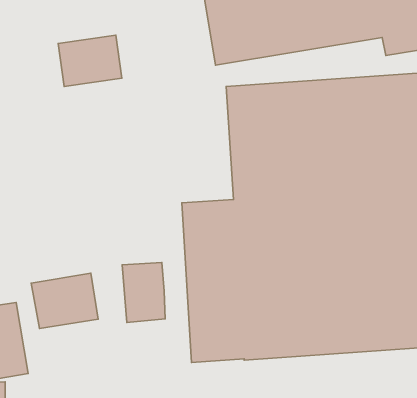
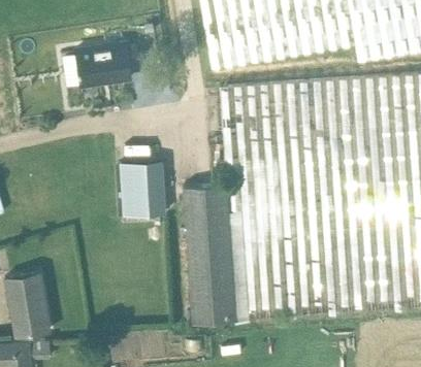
building: [122,262,165,322] -> [120,162,157,213]
building: [31,273,98,329] -> none

